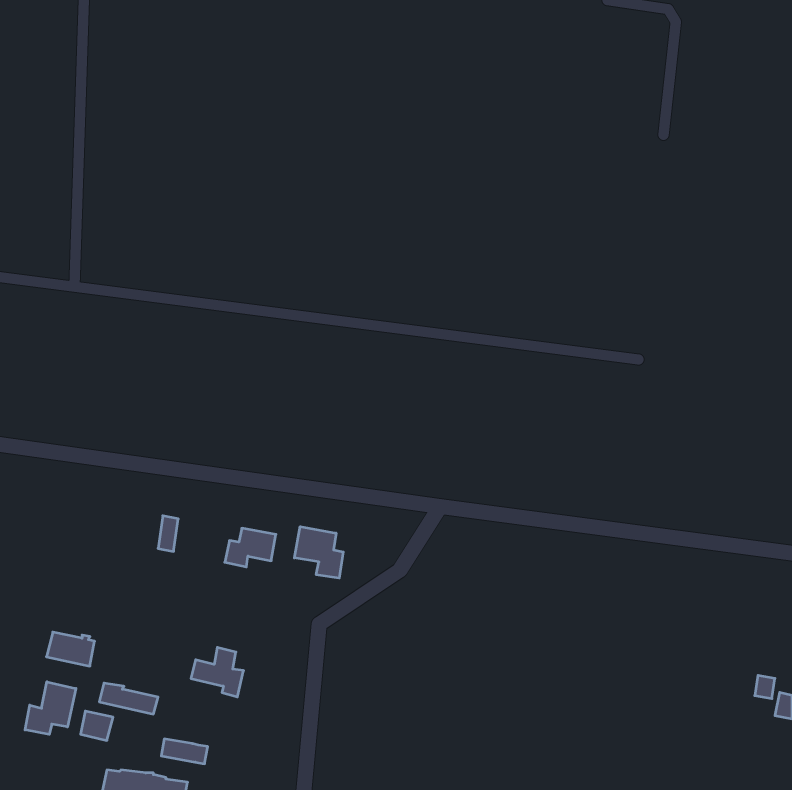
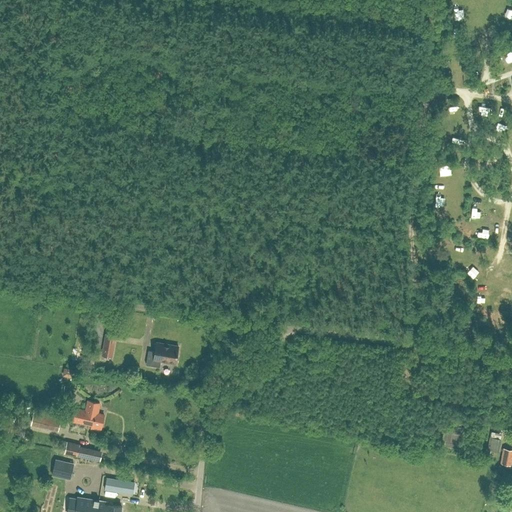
building: [294,527,343,578] -> none
building: [191,647,244,697] -> [70,400,104,432]
building: [25,682,76,734] -> none

